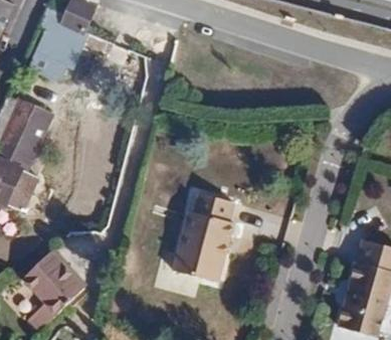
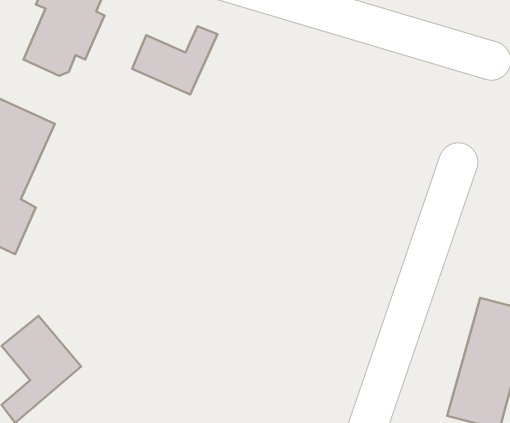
building: none -> [132,26,217,94]
building: [174,195,235,283] -> none

